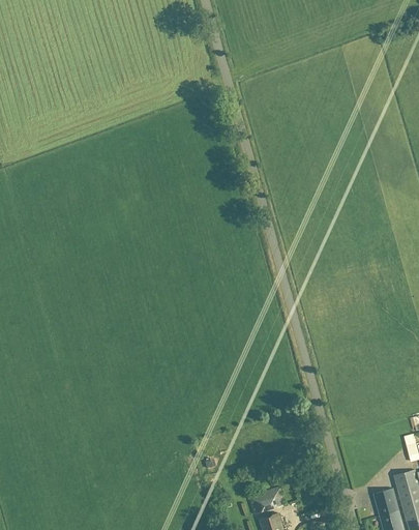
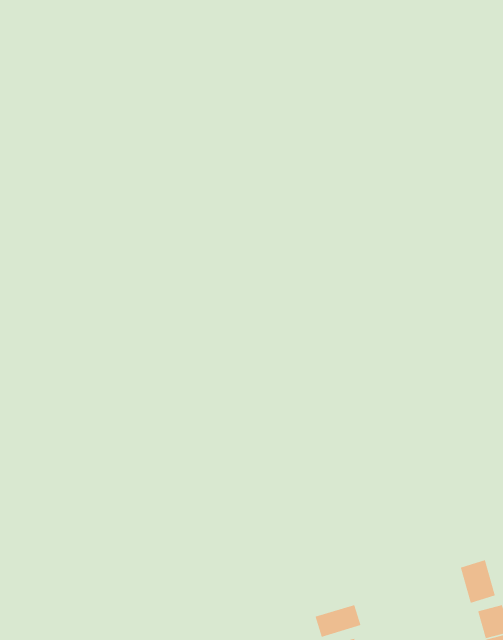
building: none -> [460,559,496,604]

